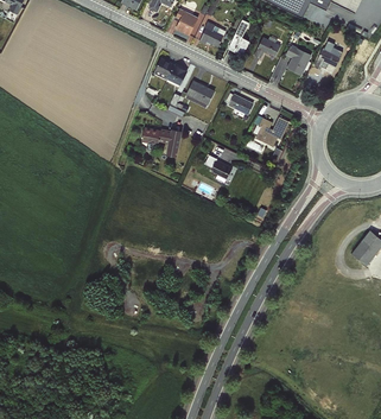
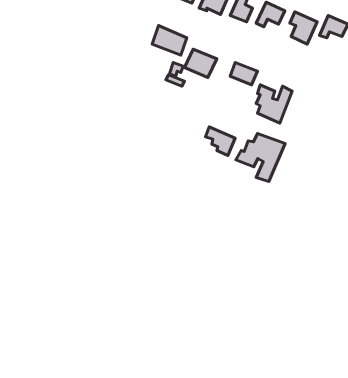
building: [142,126,182,155] -> none
building: none -> [236,133,285,182]

